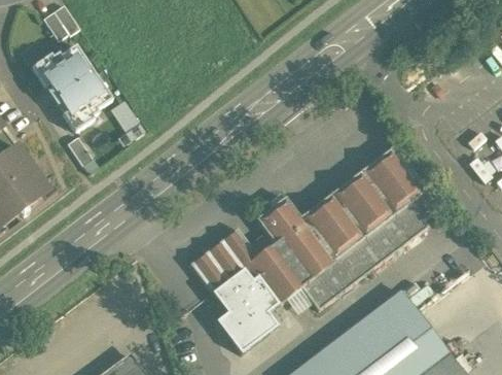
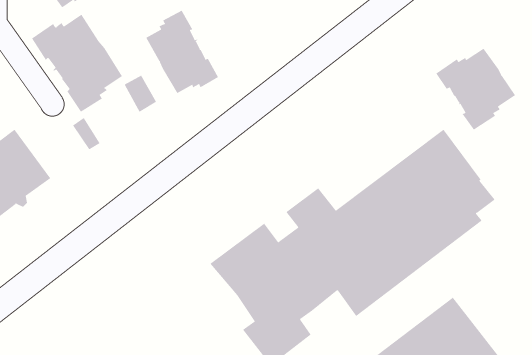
building: none -> [146,10,219,94]
building: none -> [435,48,516,131]

